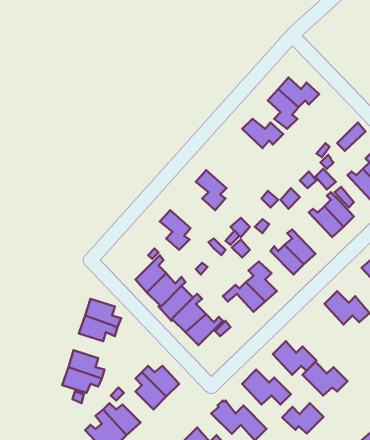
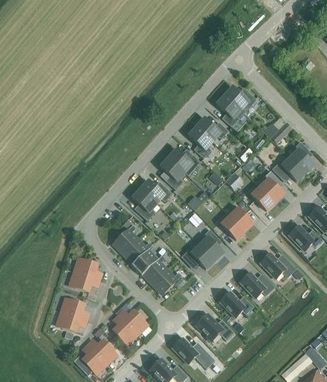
building: none -> [188,126,212,158]
building: none -> [168,149,200,172]
building: none -> [140,180,172,203]
building: [303,362,348,395] -> [239,271,274,297]
building: [282,403,324,434] -> none

